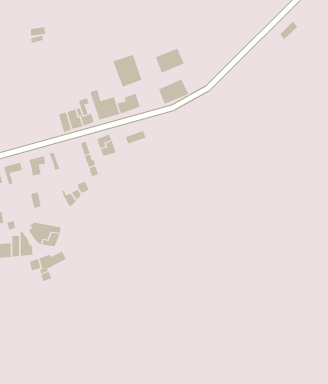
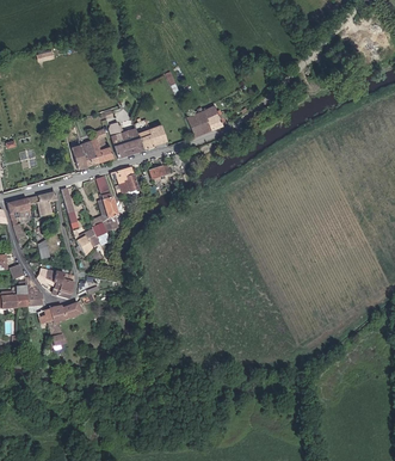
building: [155,48,185,73] -> none
building: [113,54,142,88] -> none

